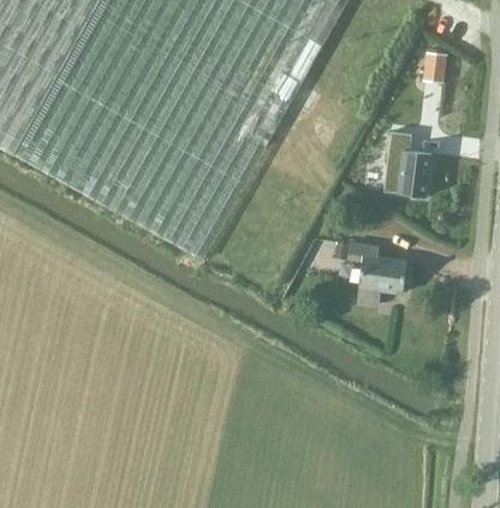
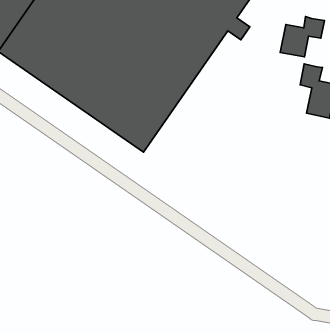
building: none -> [280,17,325,57]
building: [343,225,405,303] -> none

